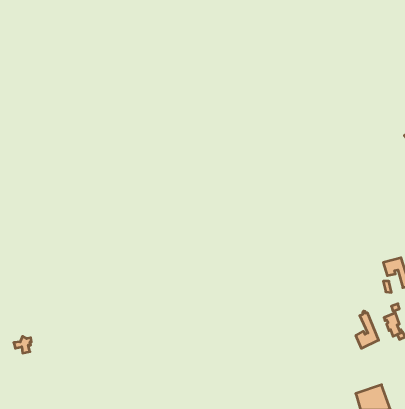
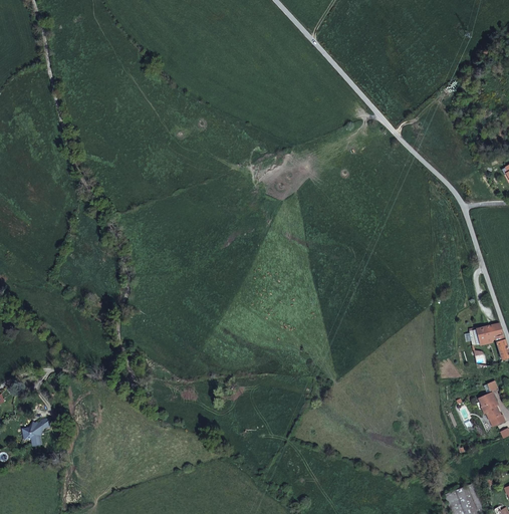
building: [356,311,379,348] -> none

